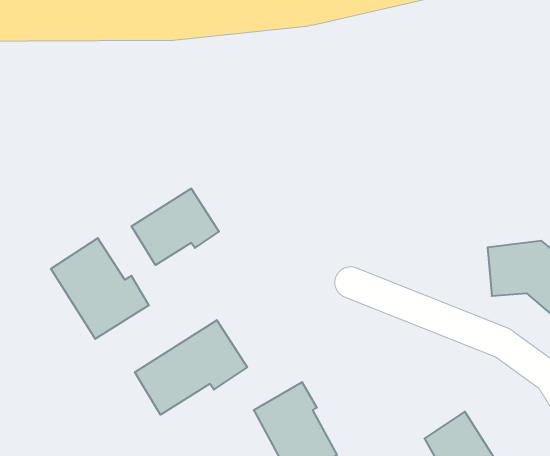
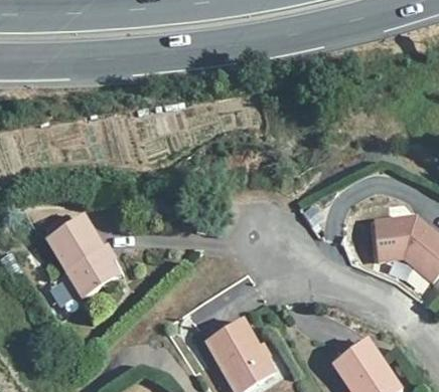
building: [132,188,219,265] -> none
building: [135,320,247,415] -> none

